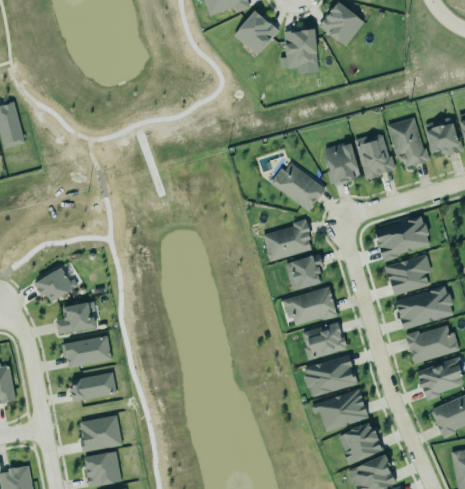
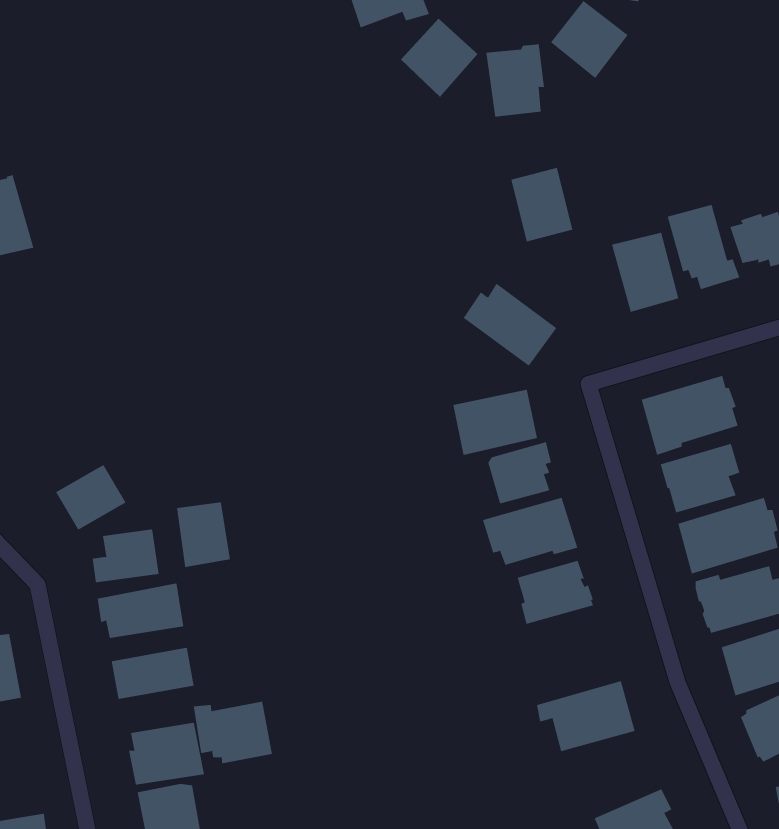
building: [325,143,361,186] -> [510,167,573,242]
building: none -> [177,502,230,568]
building: [302,355,355,396] -> none
building: none -> [193,701,272,764]
building: [337,422,382,464] -> none

